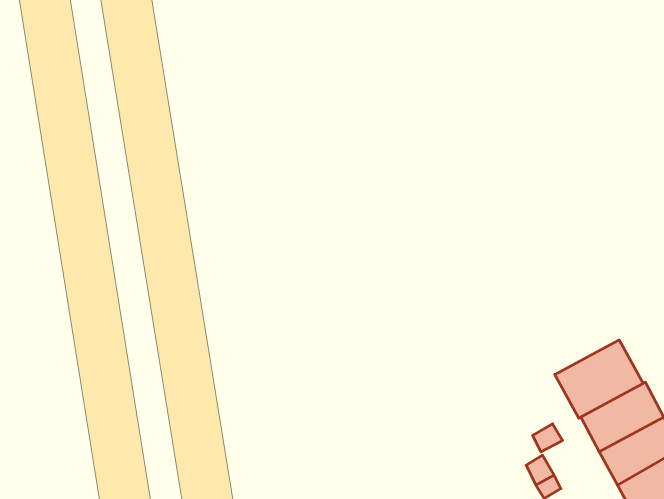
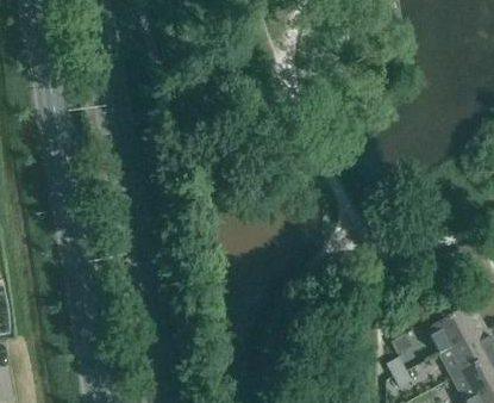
building: [555,340,643,418] -> none

